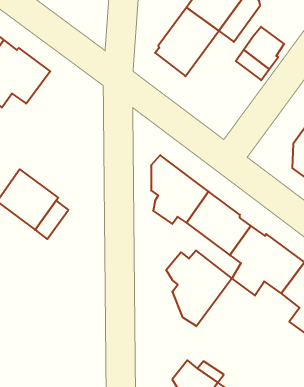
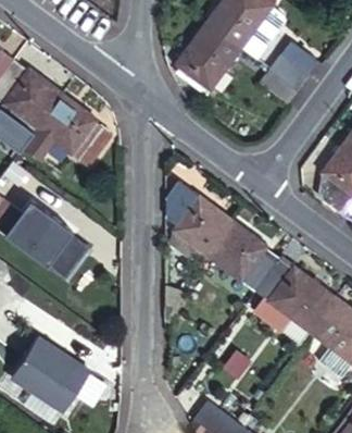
building: none -> [25,91,112,166]
building: [166,250,232,326] -> none
building: none -> [12,331,88,403]

